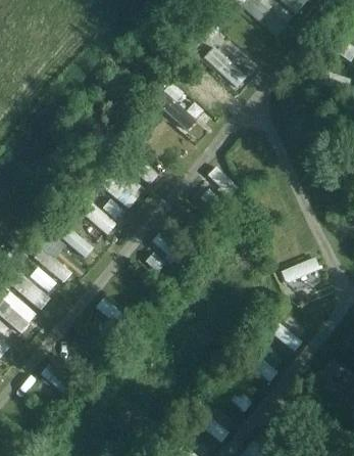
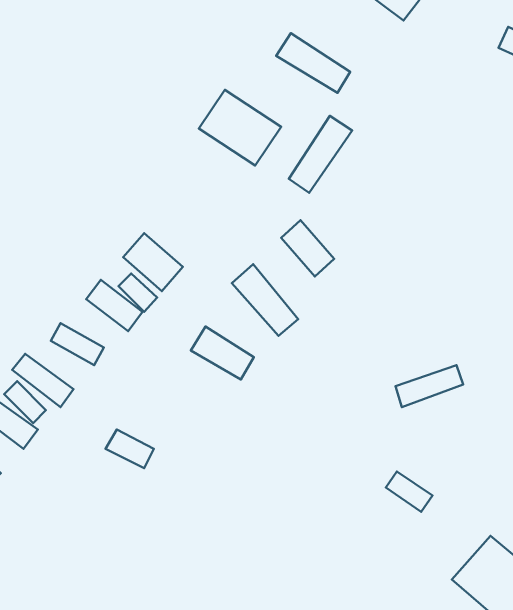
building: none -> [289,116,352,193]
building: none -> [232,264,298,336]

